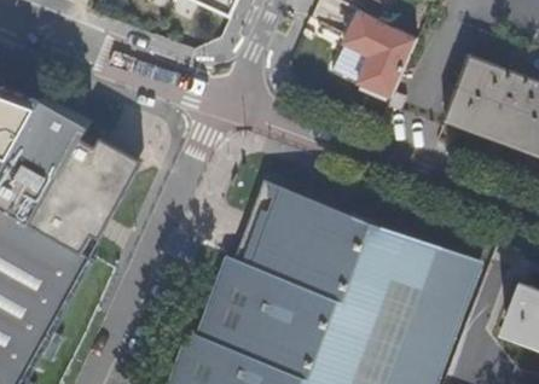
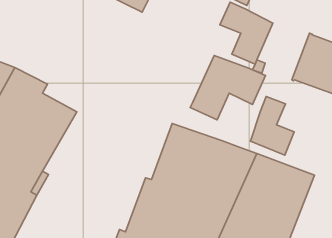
building: none -> [190,55,265,120]
building: none -> [250,97,294,155]

